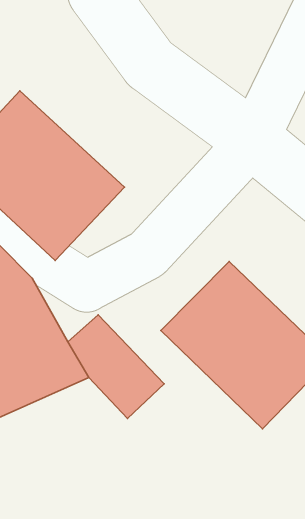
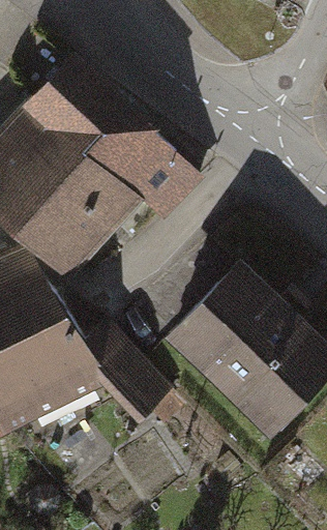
building: none -> [30,62,195,217]

